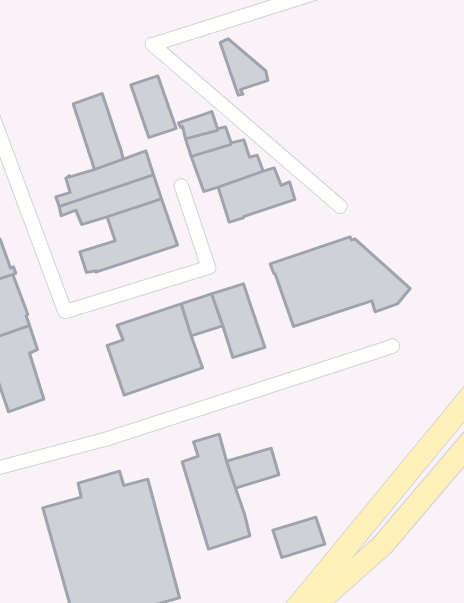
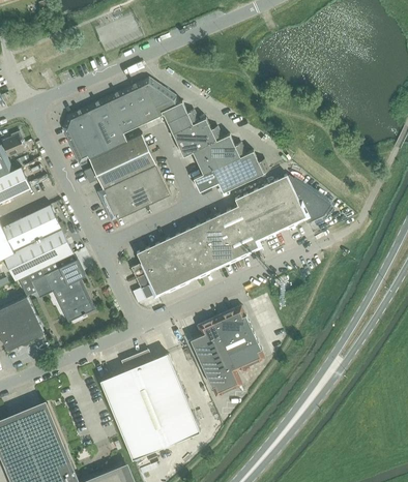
building: [220,39,268,95] -> [142,80,177,117]
building: none -> [106,91,141,134]
building: none -> [63,109,107,163]
building: none -> [211,152,268,193]
building: none -> [97,182,126,208]
building: none -> [216,207,257,258]
building: none -> [185,246,215,276]
building: none -> [212,307,249,337]
building: [273,517,325,557] -> [228,342,264,372]

